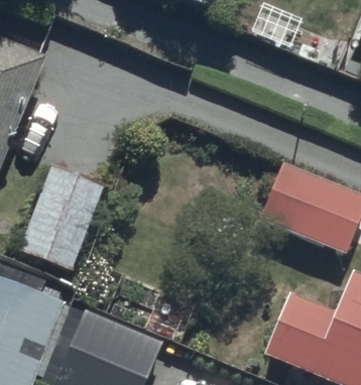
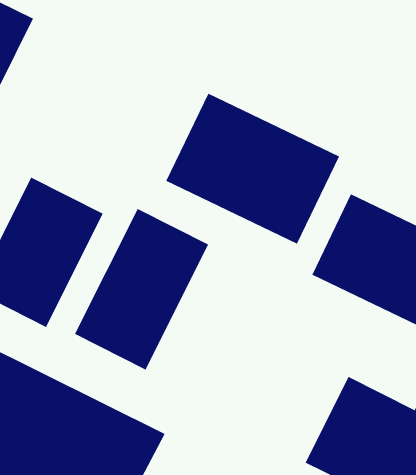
building: none -> [165,93,340,245]
building: none -> [74,208,209,370]

